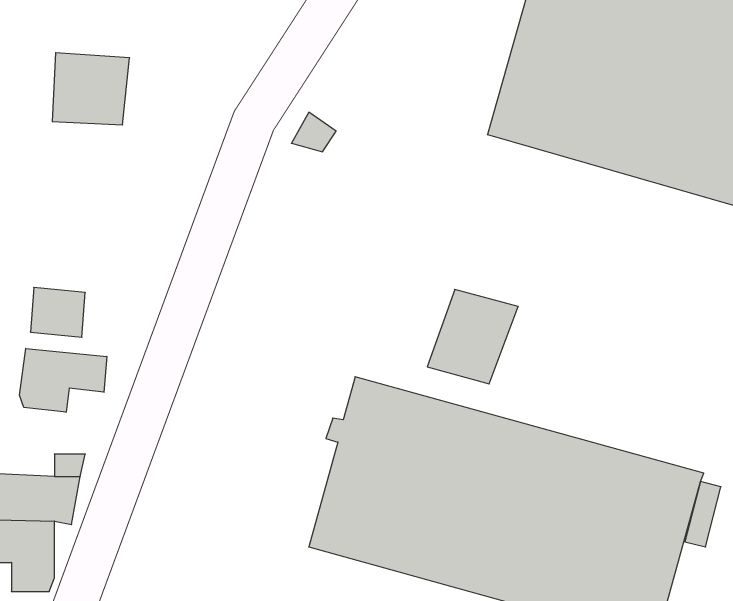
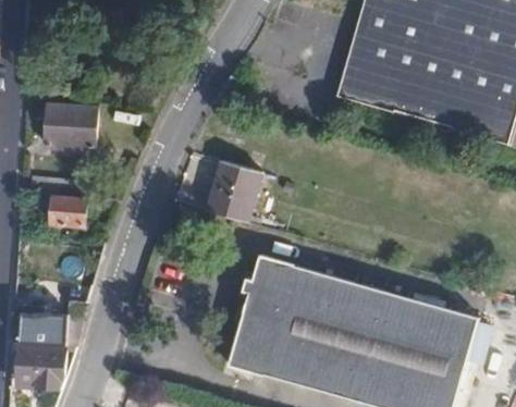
building: [52,53,130,125] -> [45,103,94,149]
building: [427,289,518,384] -> [208,163,266,223]
building: [20,348,107,412] -> none

